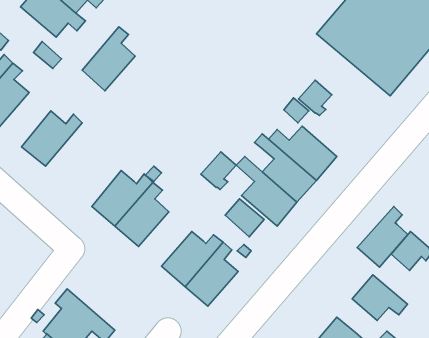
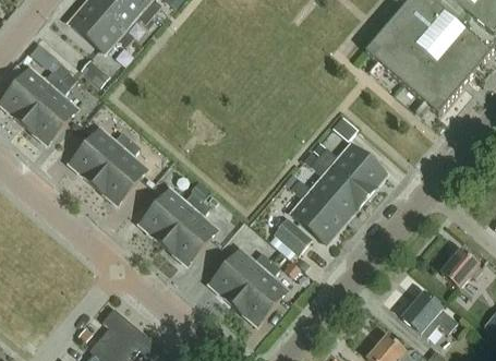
building: [82,27,135,91] -> [93,140,146,204]
building: [299,80,332,116] -> none
building: [201,152,236,190] -> none
building: [357,207,408,267] -> none

